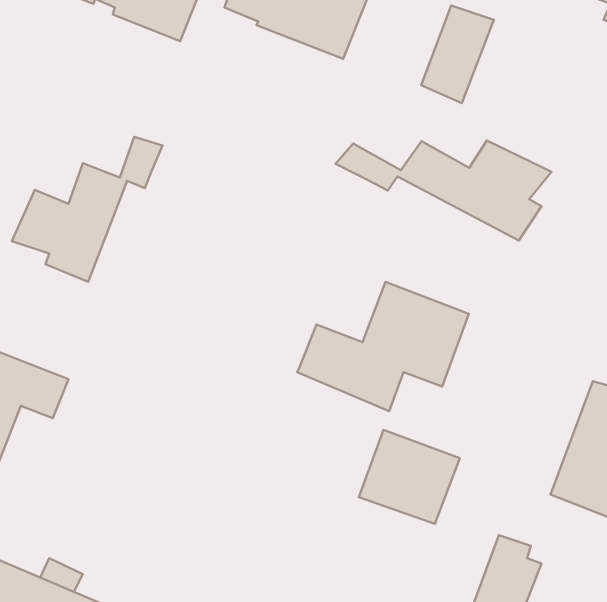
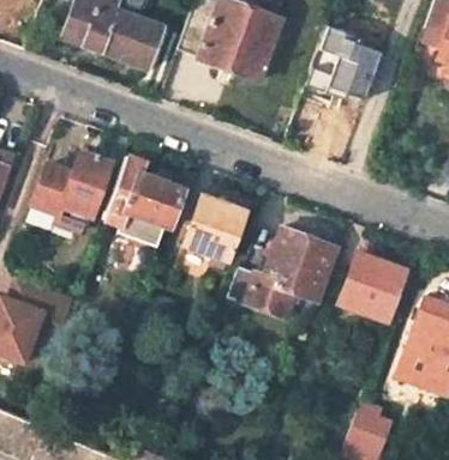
building: [336,141,552,241] -> none
building: none -> [103,158,182,228]
building: none -> [182,198,246,270]
building: [359,430,460,524] -> [342,260,411,323]

